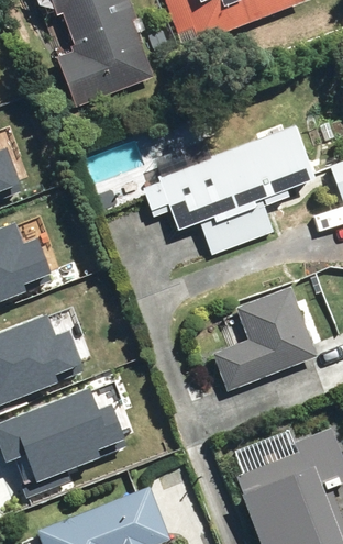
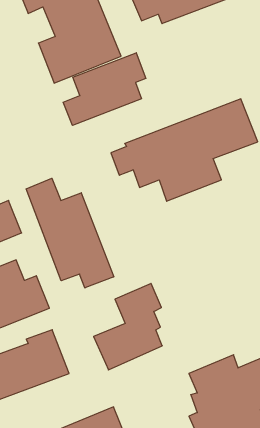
building: none -> [63,53,146,125]
building: none -> [26,178,114,288]
building: [217,288,298,390] -> [94,283,162,370]

